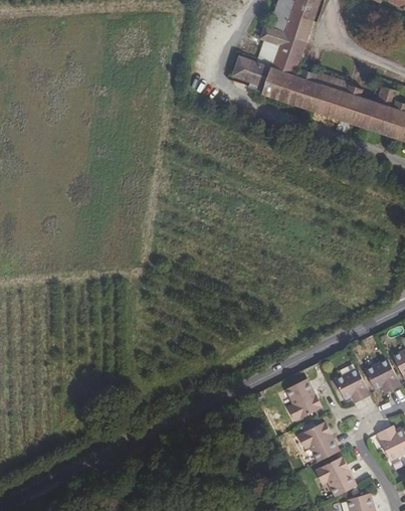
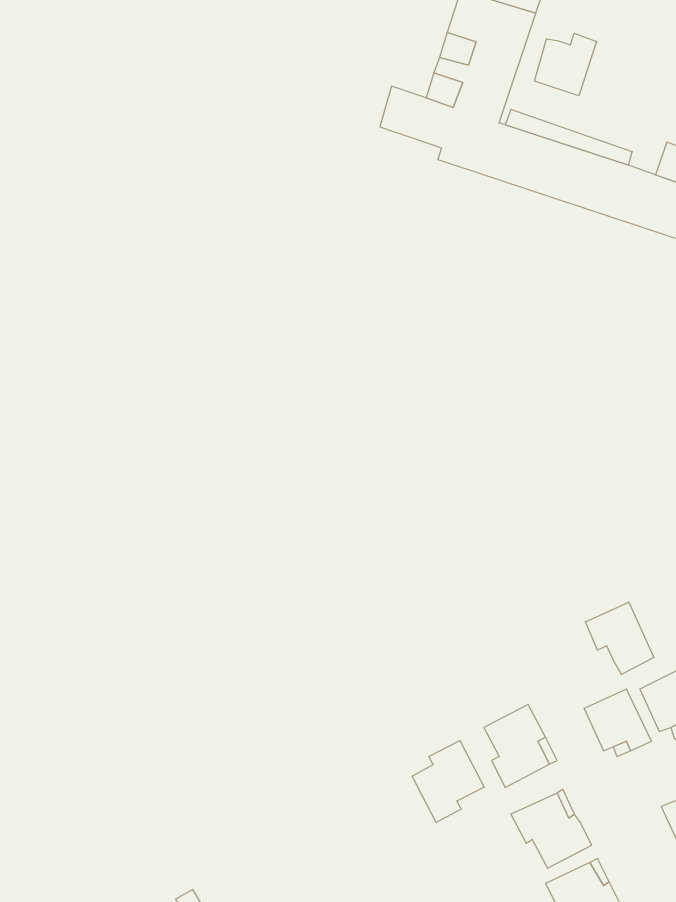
building: none -> [534,33,597,96]
building: none -> [585,602,654,675]
building: none -> [412,741,484,823]

